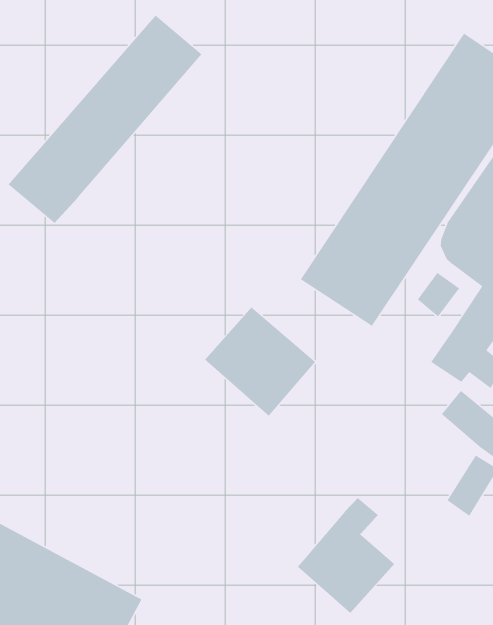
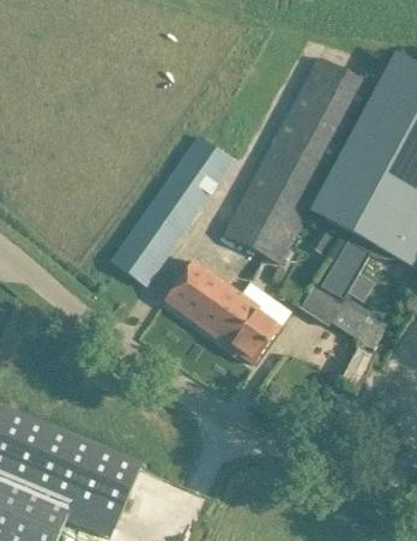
building: [8,15,202,224] -> [110,133,235,283]
building: none -> [300,283,343,323]
building: [297,497,395,614] -> [213,281,280,361]

